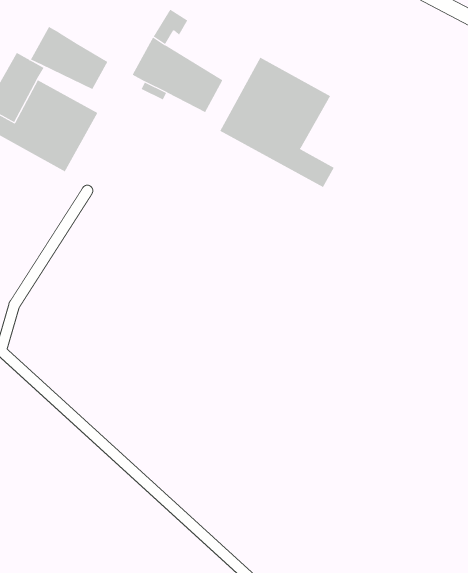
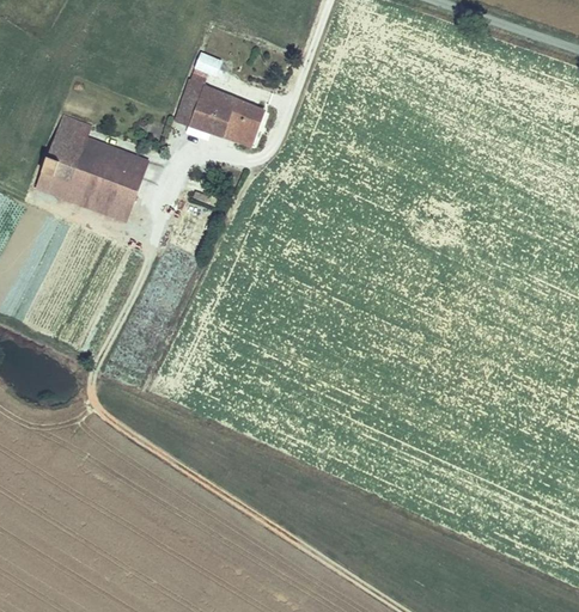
building: [30,26,108,90] -> none
building: [220,57,335,188] -> none

